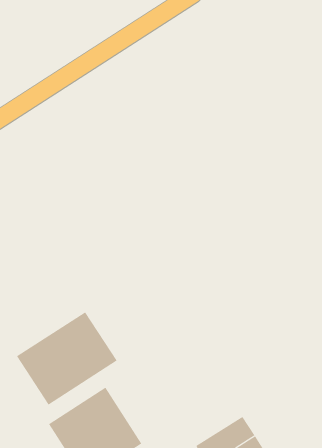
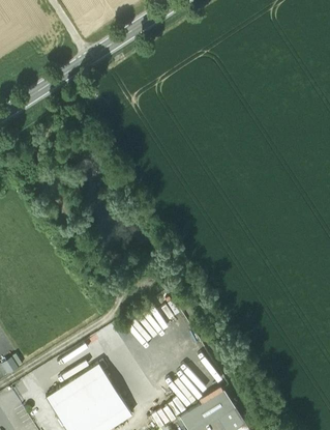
building: [16,311,118,405] -> none

